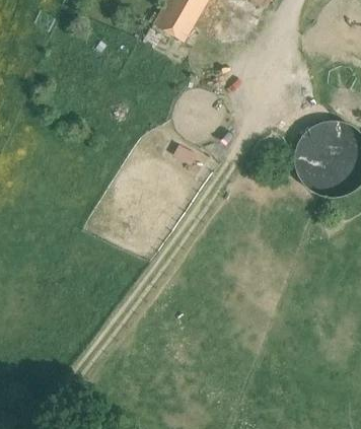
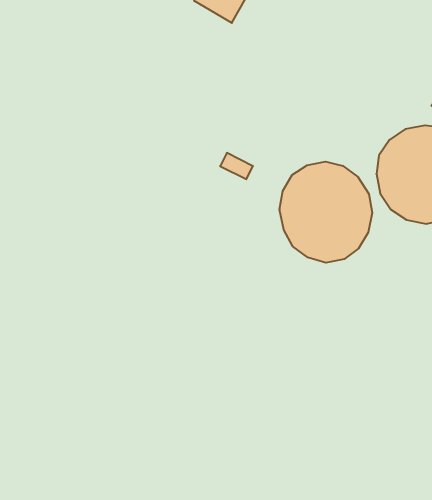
building: none -> [280,162,372,263]

